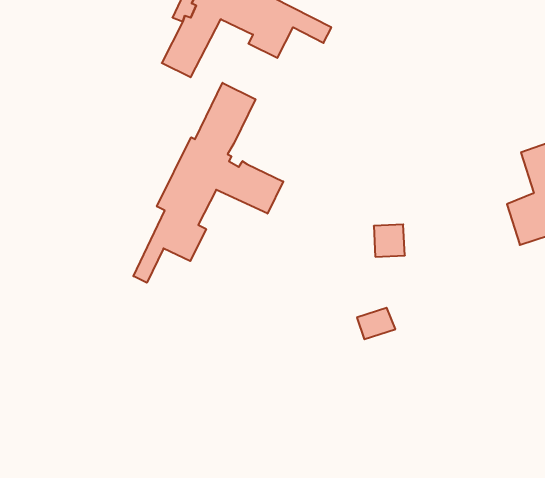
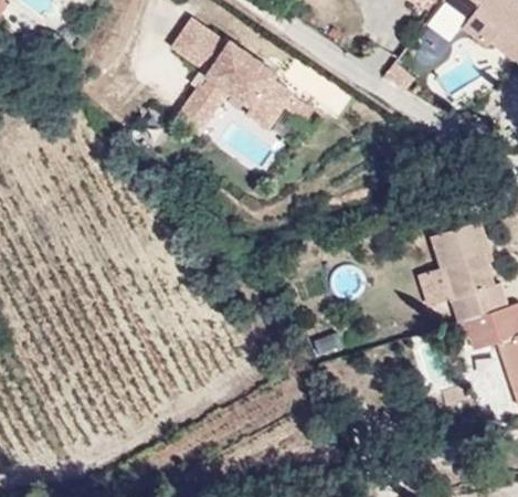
building: [133,83,283,283] -> none

